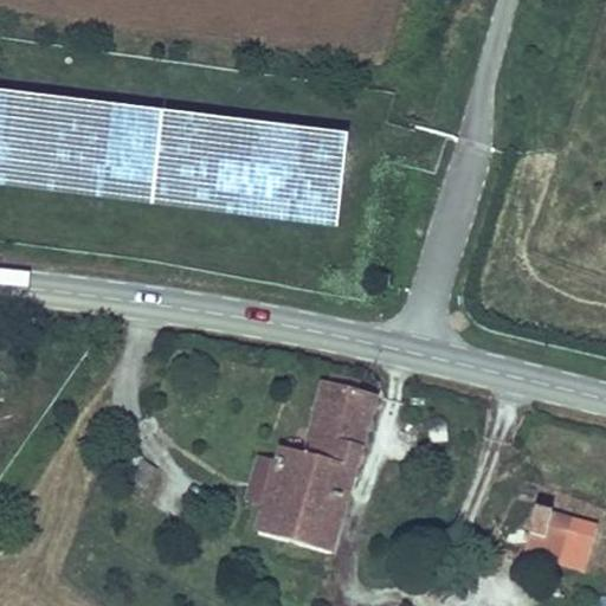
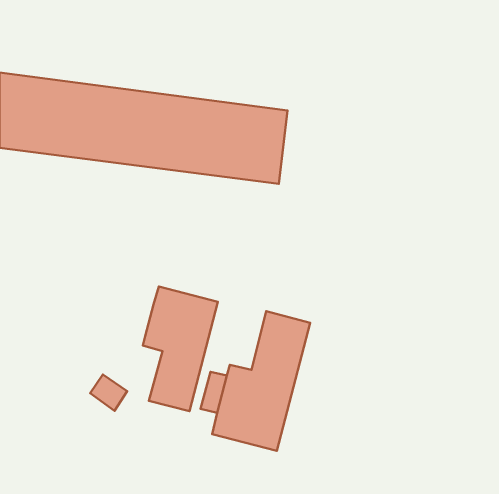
building: none -> [143,286,218,411]
building: [524,501,599,566] -> none

